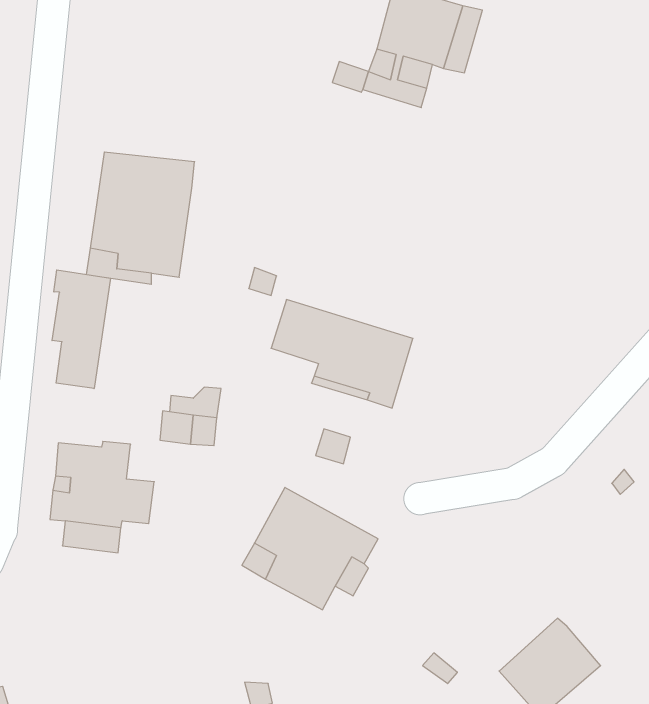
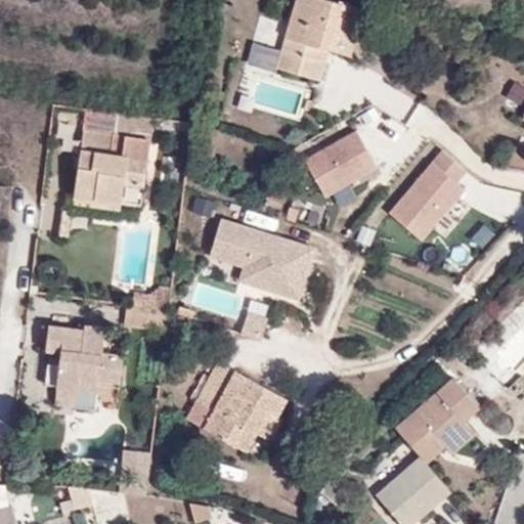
building: none -> [304,132,377,198]
building: none -> [388,152,465,242]
building: [52,270,111,389] -> none
building: none -> [395,378,479,462]

